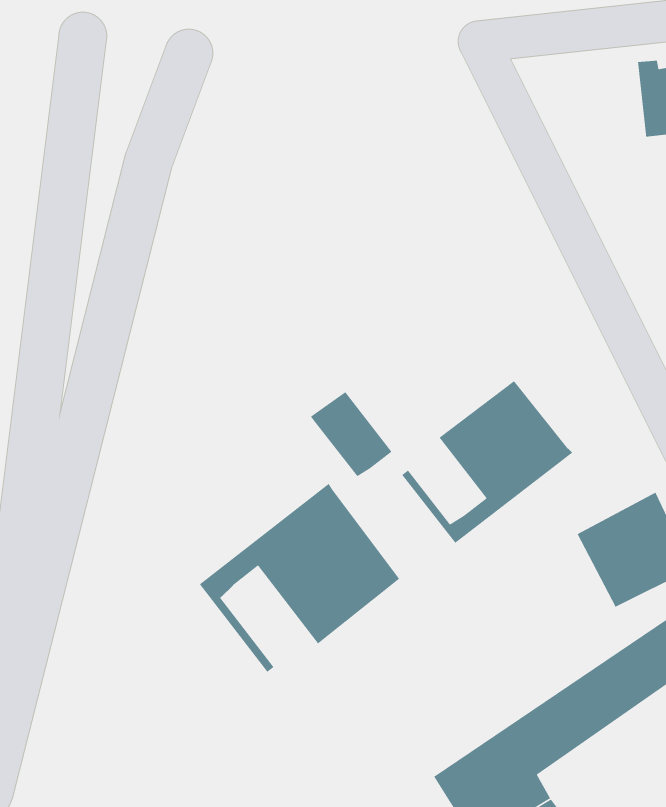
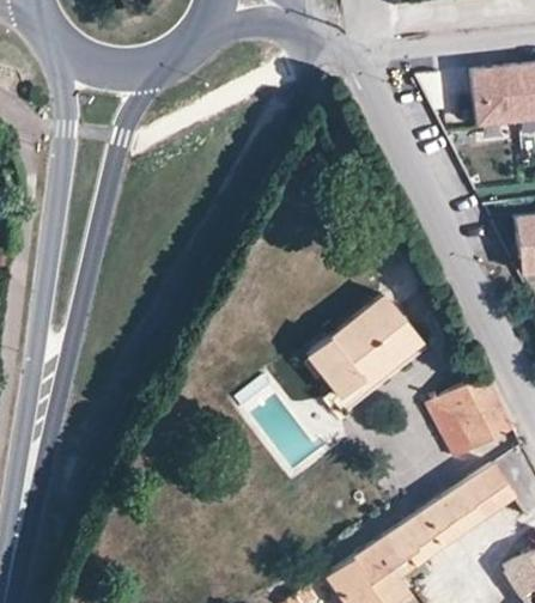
building: [310,391,393,477] -> [305,336,364,397]
building: [199,483,400,673] -> none

